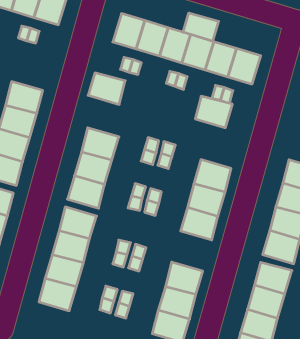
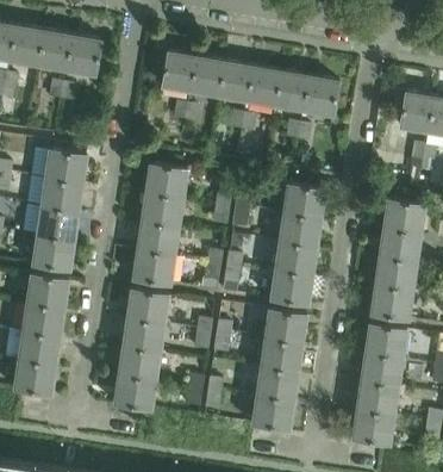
building: [183,13,219,41] -> none
building: [88,73,125,104] -> [145,164,187,198]
building: [195,96,232,128] -> [283,185,325,218]
building: none -> [264,309,306,343]

